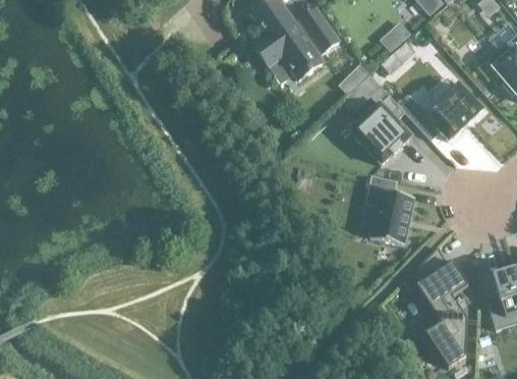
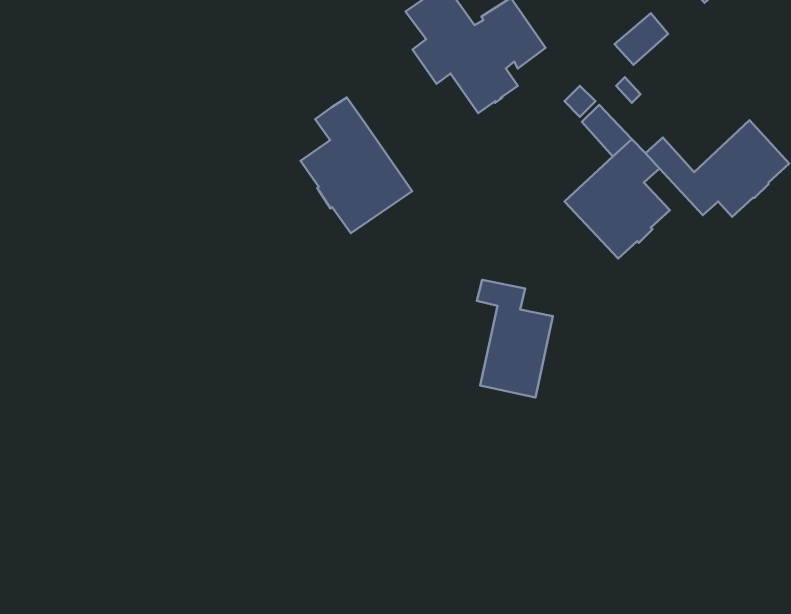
building: none -> [301,98,412,233]
building: [368,174,413,243] -> [477,280,553,397]
building: [410,246,467,367] -> none

